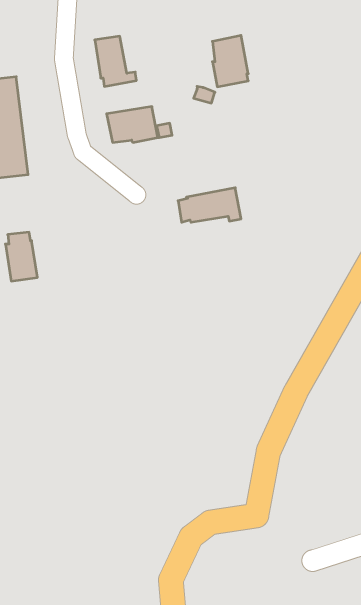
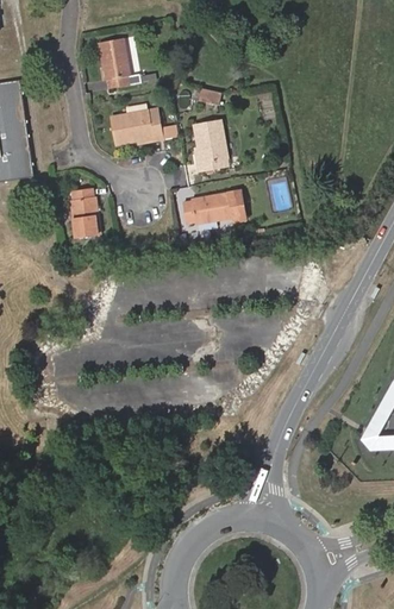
building: [212,35,248,87] -> [194,120,230,171]
building: [5,232,37,281] -> [70,188,102,237]

